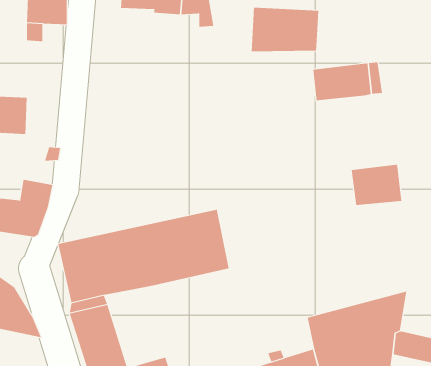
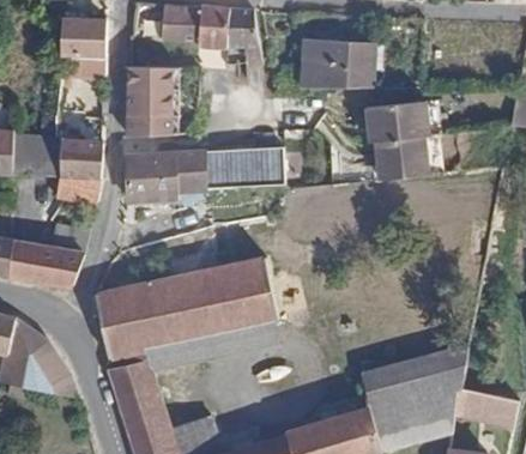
building: none -> [127,66,177,135]
building: none -> [60,137,102,178]
building: none -> [126,146,284,200]
building: [351,164,402,205] -> [375,134,430,178]

